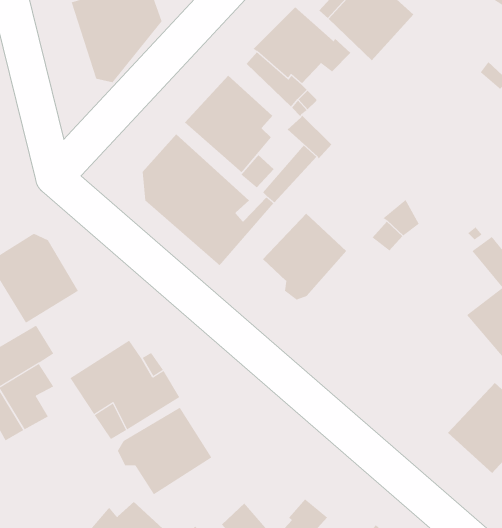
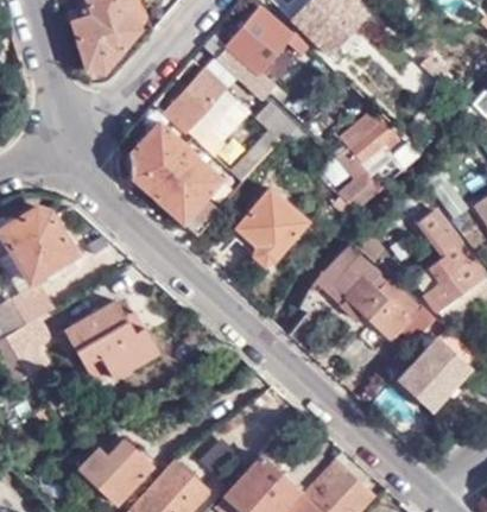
building: none -> [340,107,396,172]
building: none -> [311,240,436,341]
building: [117,407,212,495] -> none

